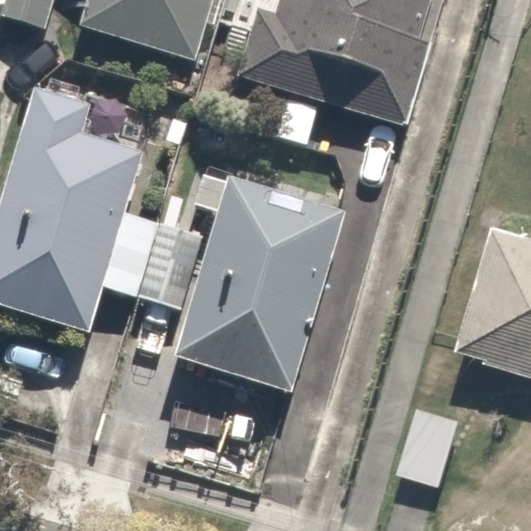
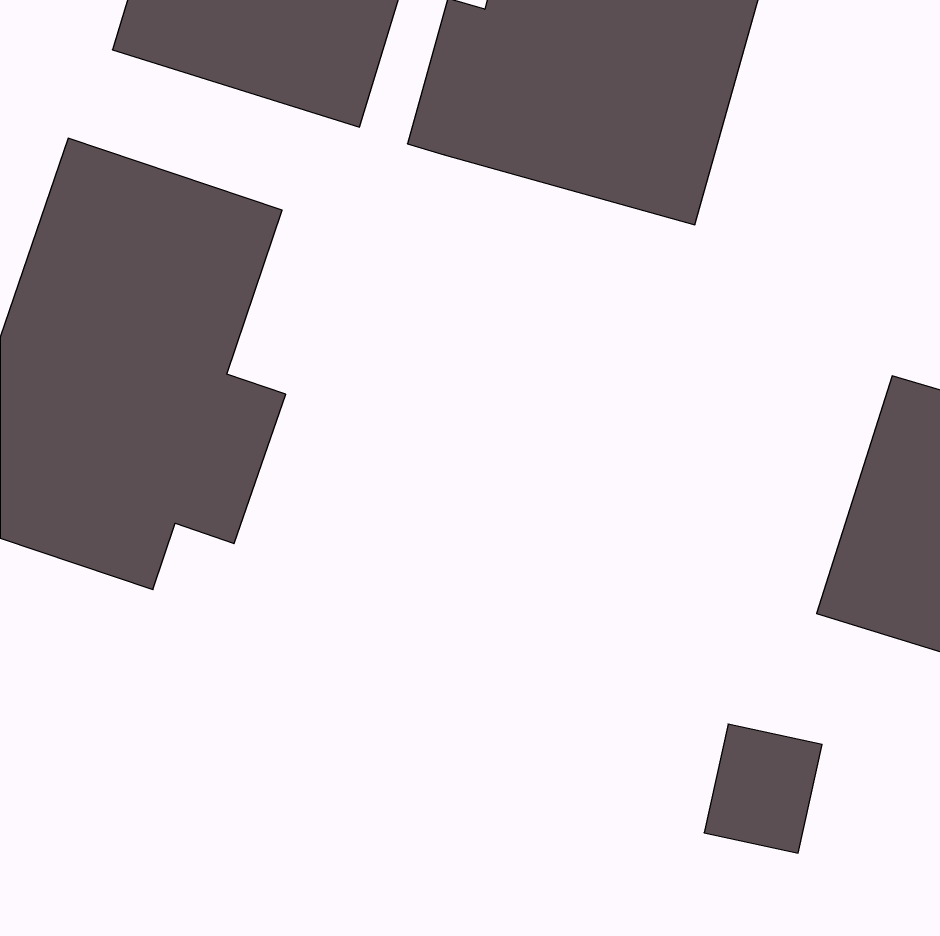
building: [172,176,344,389] -> none

